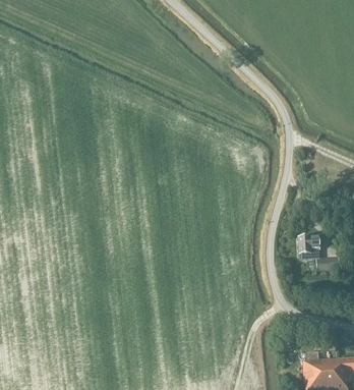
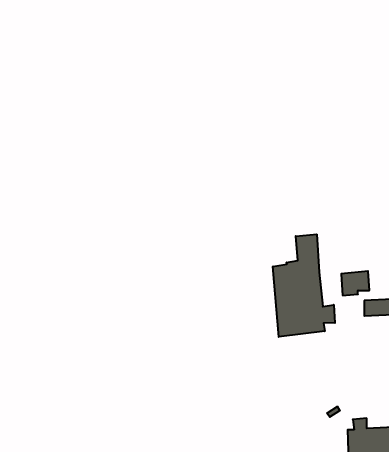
building: none -> [273,234,335,337]

